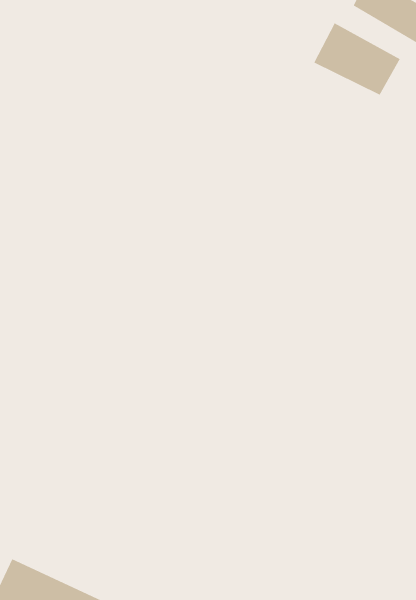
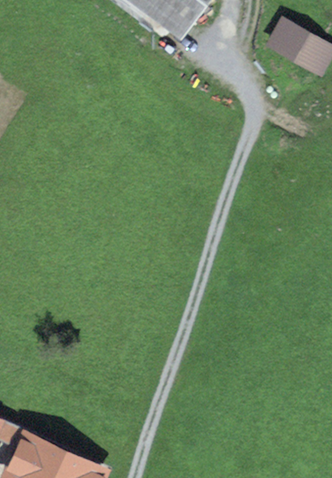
building: [314,23,401,96] -> none

